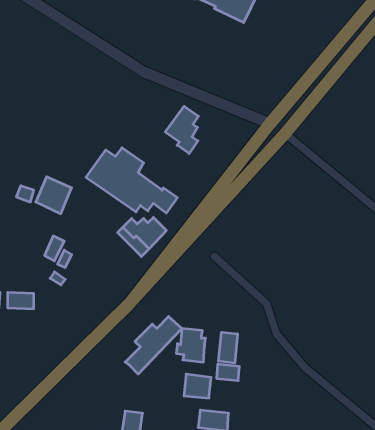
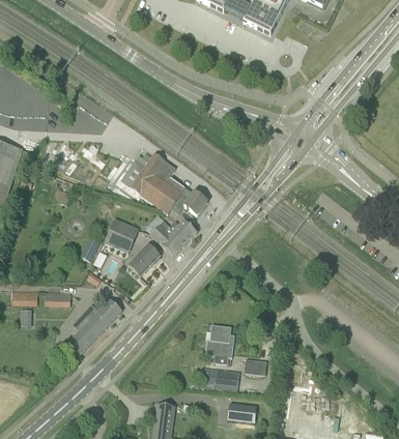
building: [165,106,198,154] -> none
building: [36,177,72,214] -> [105,217,139,253]
building: none -> [127,242,161,275]
building: [125,316,182,374] -> [67,298,121,353]
building: [218,332,237,363] -> none

